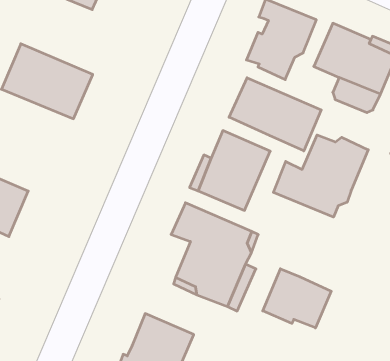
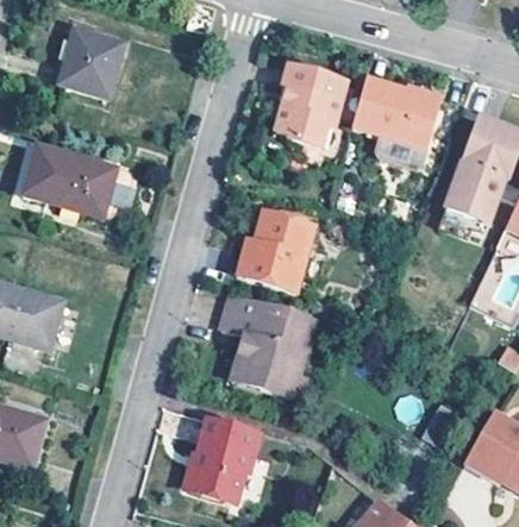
building: [229,78,321,151] -> none
building: [273,135,368,217] -> none
building: [263,269,331,328] -> none

